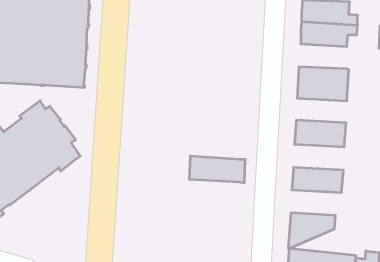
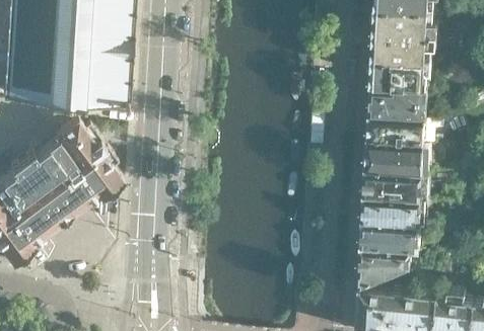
building: none -> [370,53,425,81]
building: none -> [367,114,425,143]
building: [189,156,245,183] -> [364,167,428,197]
building: none -> [361,219,419,248]

